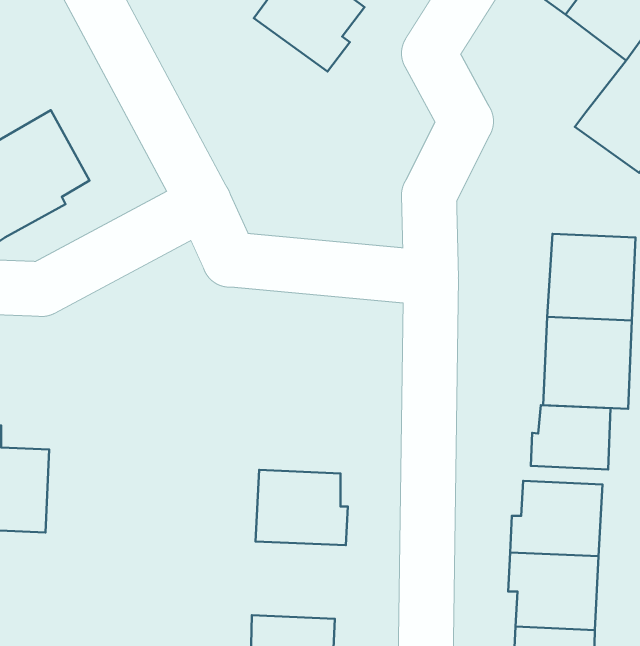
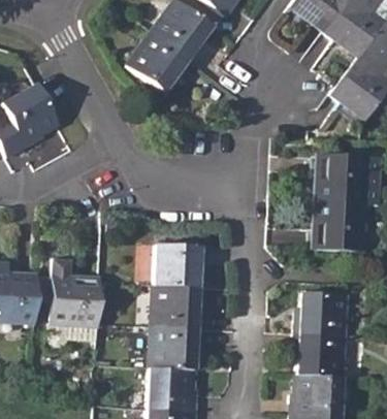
building: none -> [127,32,192,92]
building: none -> [154,244,206,287]
building: [531,405,610,469] -> none
building: none -> [49,255,100,345]
building: none -> [150,325,202,368]

